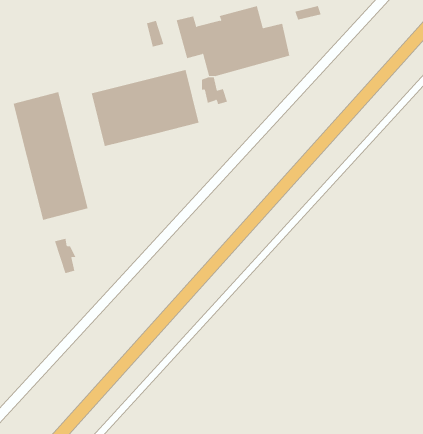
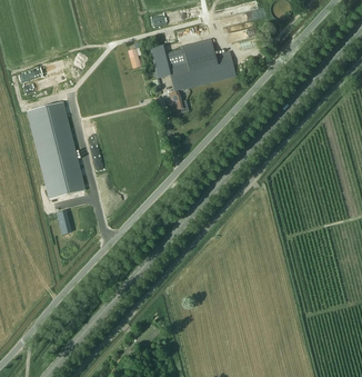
building: [91,69,199,147] -> none

